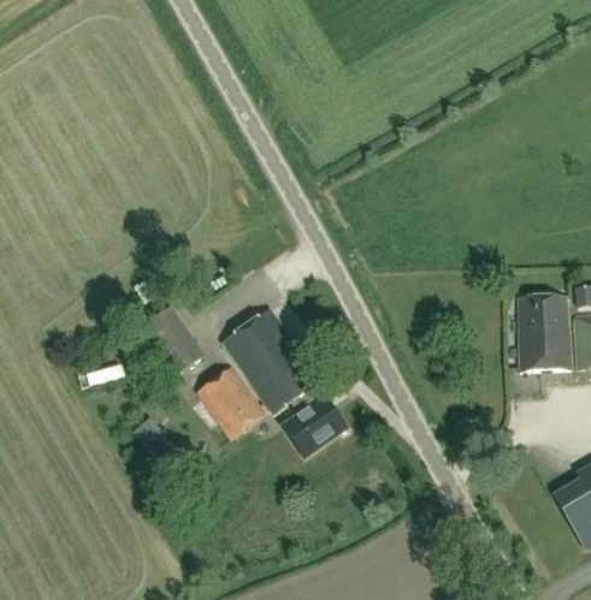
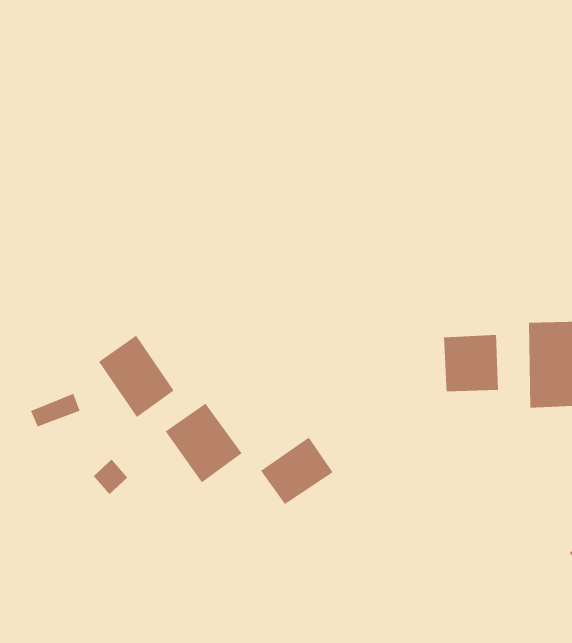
building: none -> [443,334,498,392]
building: [221,308,318,412] -> none

